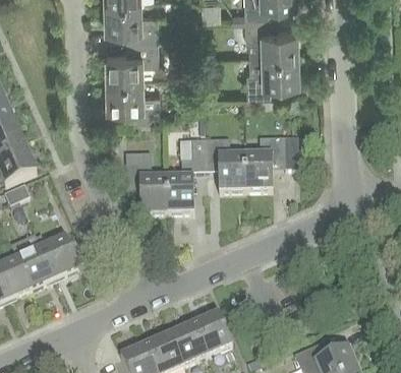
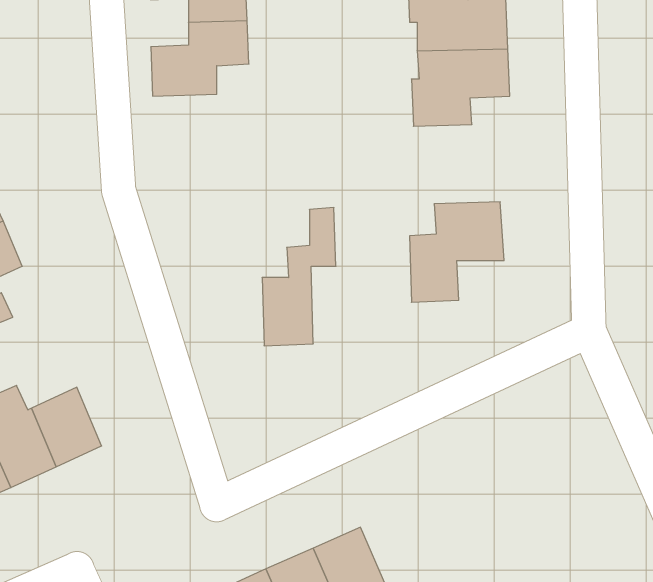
building: [107,76,160,117] -> none
building: [205,136,246,189] -> none
building: [125,152,167,212] -> none

